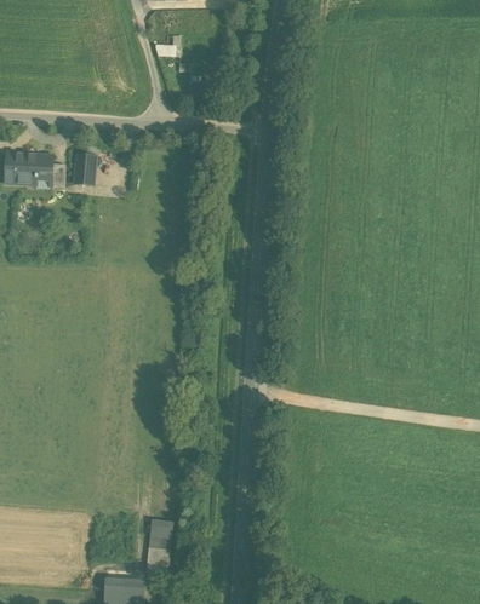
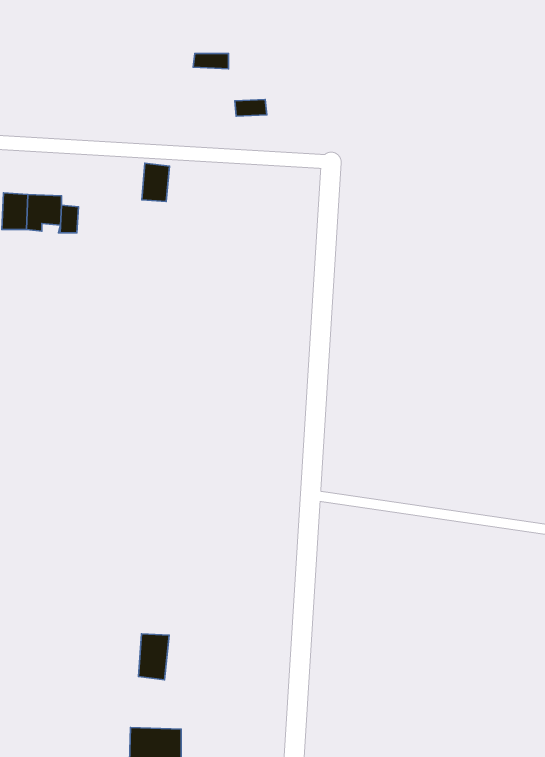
building: [73,153,95,183] -> [142,163,169,201]
building: [145,535,170,571] -> [139,634,169,680]

